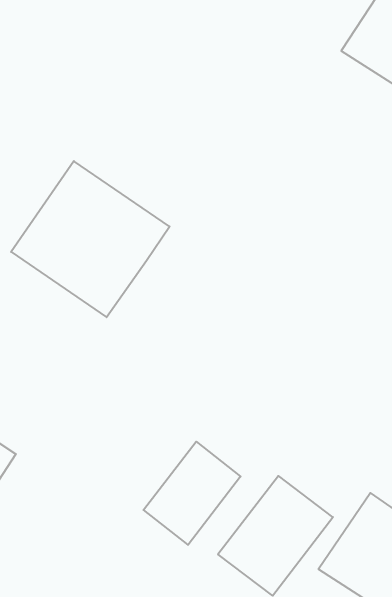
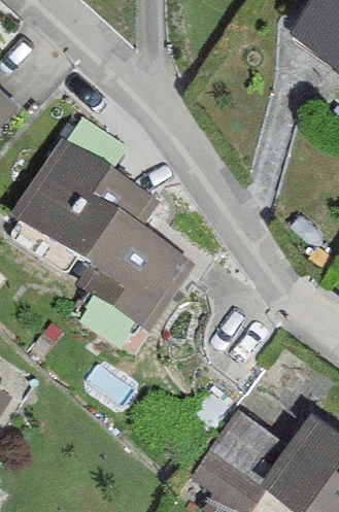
building: none -> [82,223,193,331]
building: [143,442,241,545] -> none

